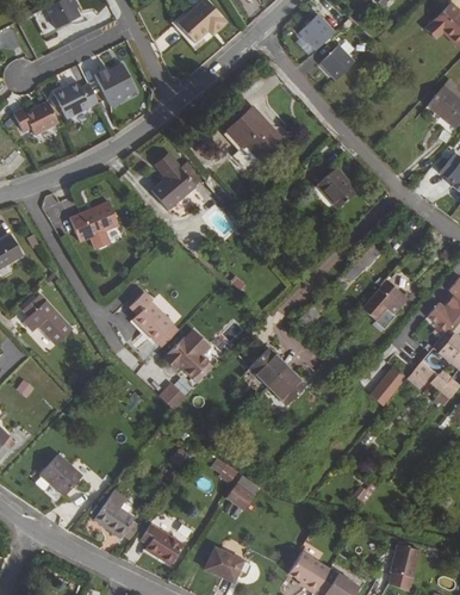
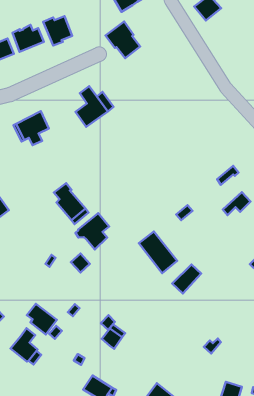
building: [319,45,354,80] -> none
building: [230,106,279,156] -> [105,22,140,58]
building: [318,166,360,206] -> none
building: [371,364,409,404] -> [172,265,201,293]
building: [135,526,176,566] -> [27,304,57,334]

